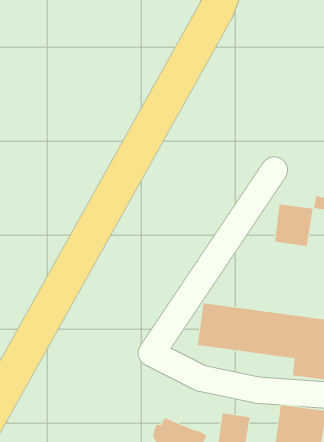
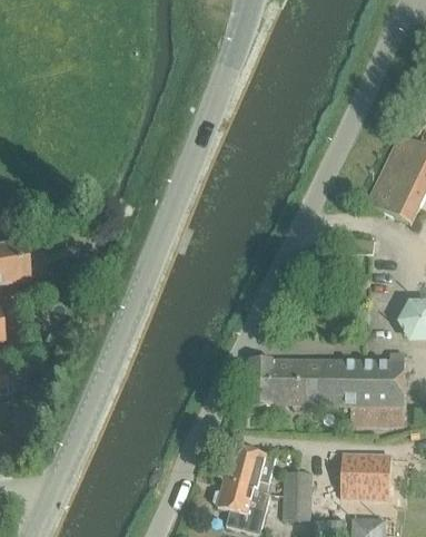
building: [275,204,313,247] -> none
building: none -> [220,446,276,491]

